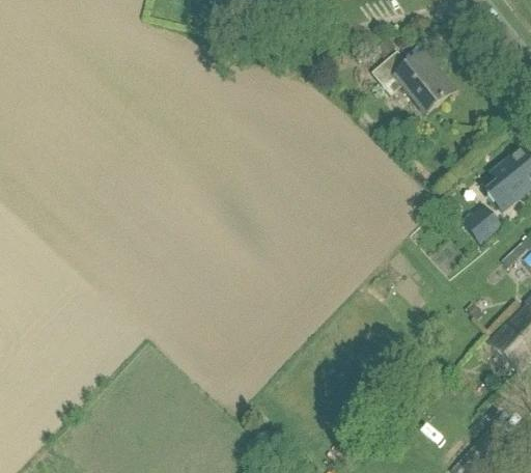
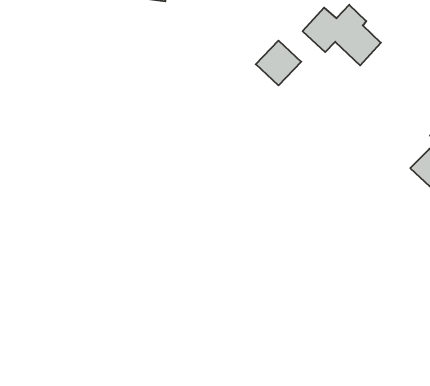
building: none -> [256,41,301,85]

